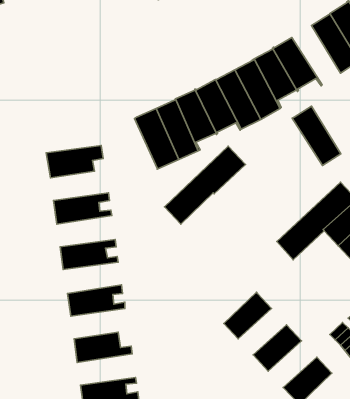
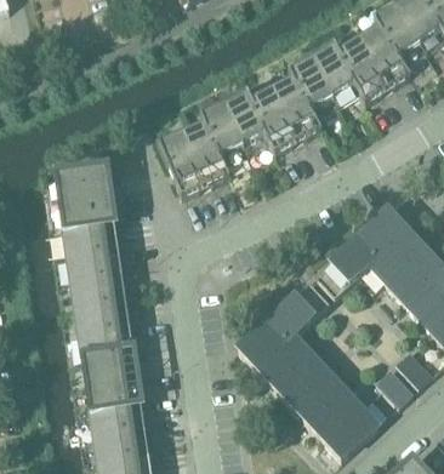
building: [292,106,341,166] -> [331,33,386,99]
building: [165,146,245,224] -> [237,280,328,367]
building: none -> [59,196,125,229]
building: none -> [67,246,132,281]
building: none -> [74,298,140,333]
building: none -> [82,350,144,384]
building: none -> [271,350,325,402]
building: none -> [304,387,359,439]
building: none -> [90,401,155,436]

